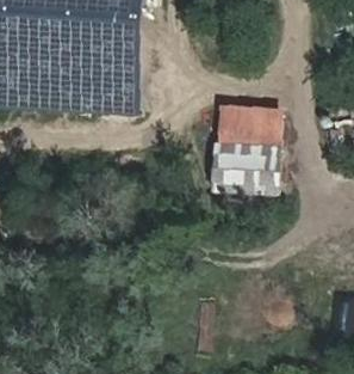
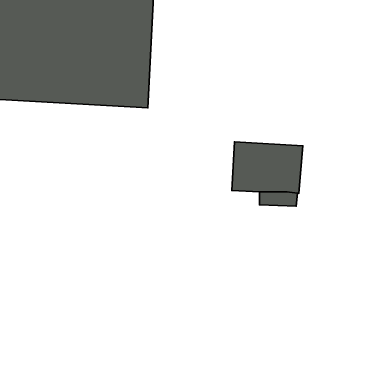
building: [218,115,281,149] -> none

